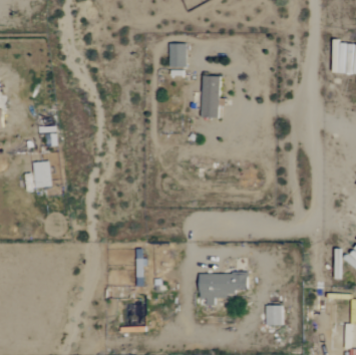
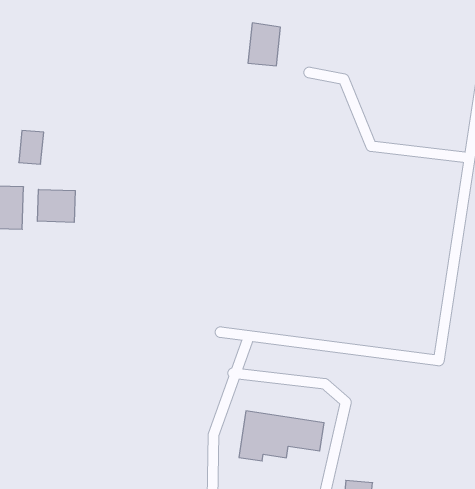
building: [202,77,220,118] -> none
building: none -> [37,189,75,222]

